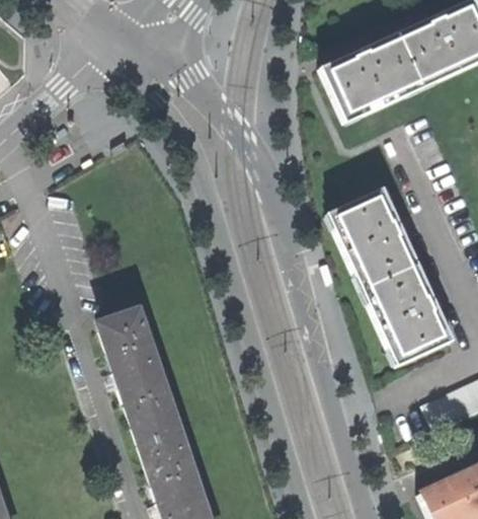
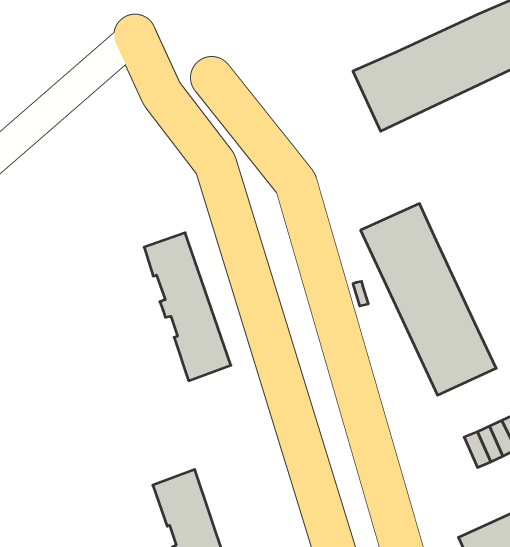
building: [100,310,179,445] -> [144,233,231,381]

